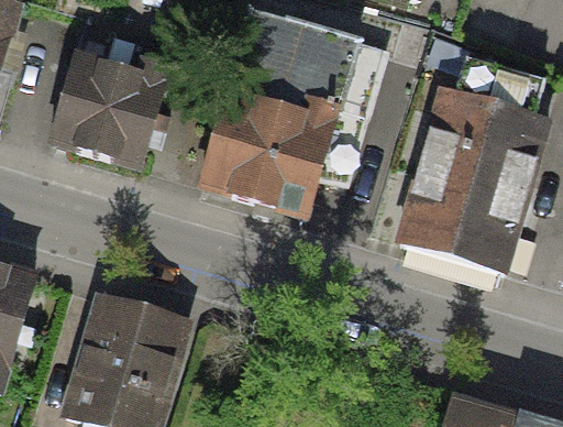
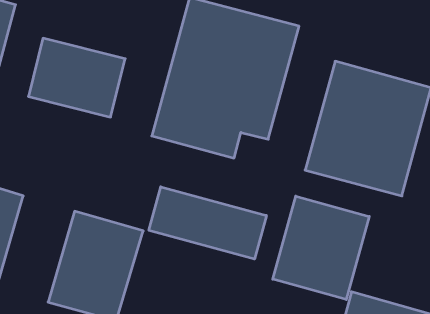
building: none -> [149,187,266,259]
building: none -> [273,196,369,300]

